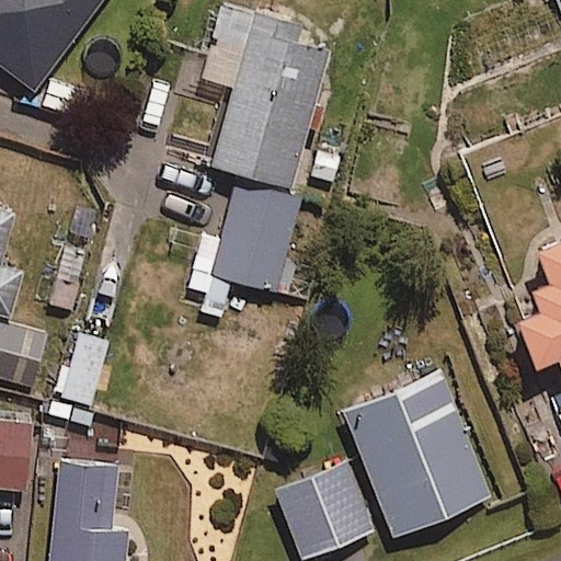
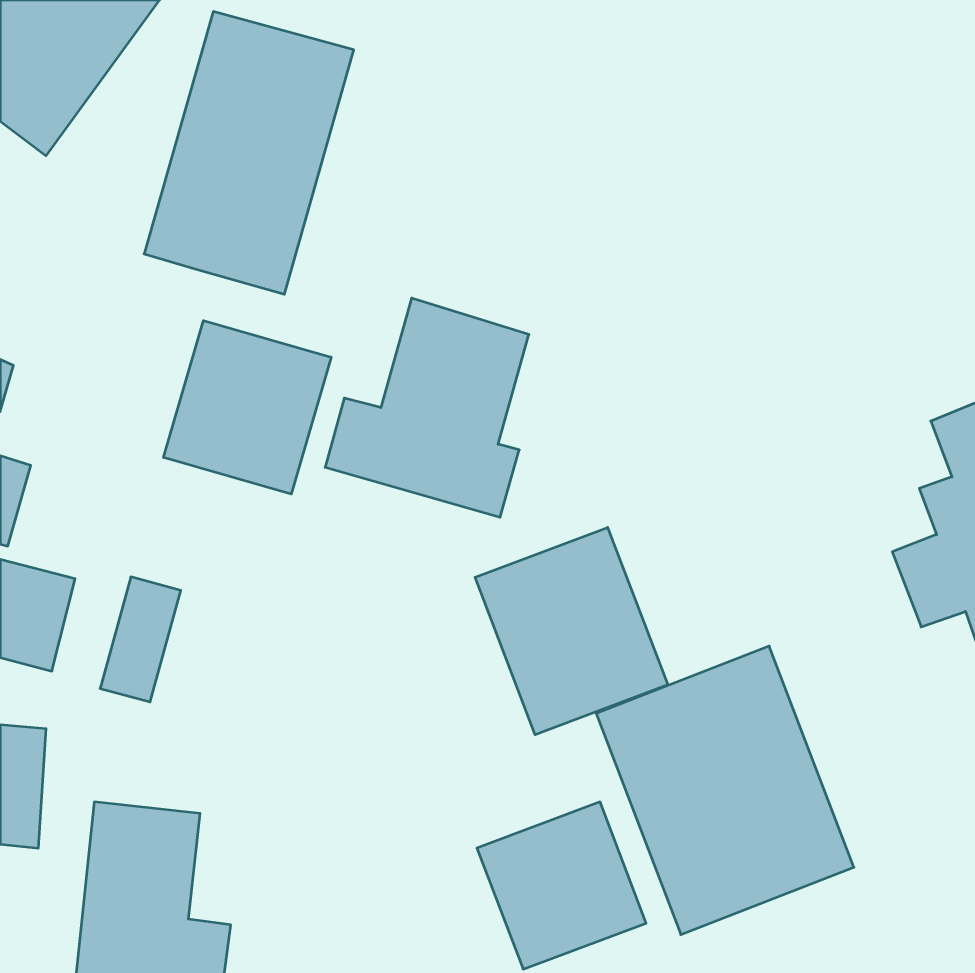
building: [210,27,330,188] -> [144,12,354,294]
building: none -> [164,321,331,494]
building: none -> [475,527,668,735]

